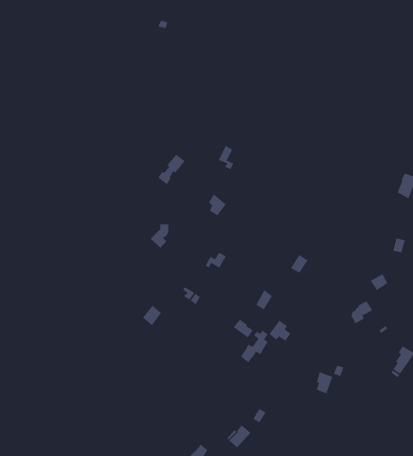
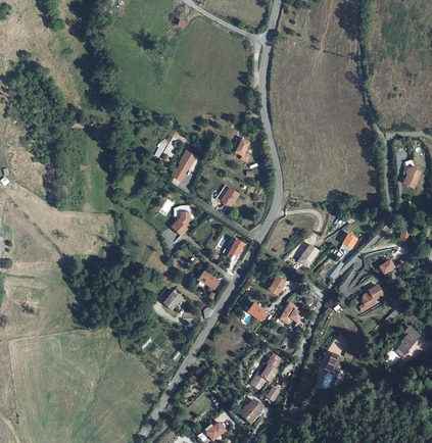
building: [240,330,268,363] -> [250,358,277,390]

